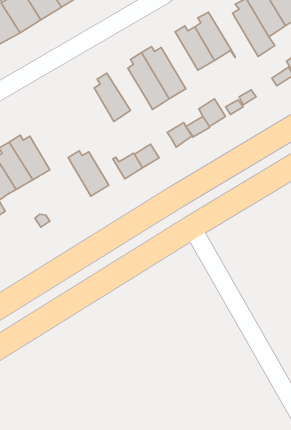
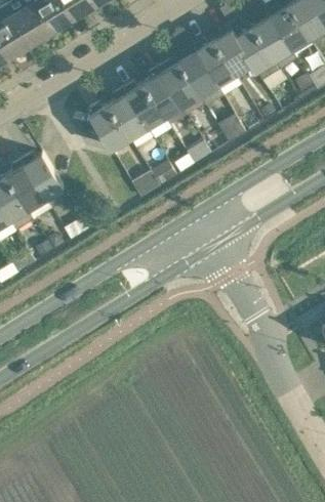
building: none -> [233,25,280,80]
building: none -> [179,45,224,106]
building: none -> [123,81,165,127]
building: [68,151,109,196] -> [88,102,130,150]

